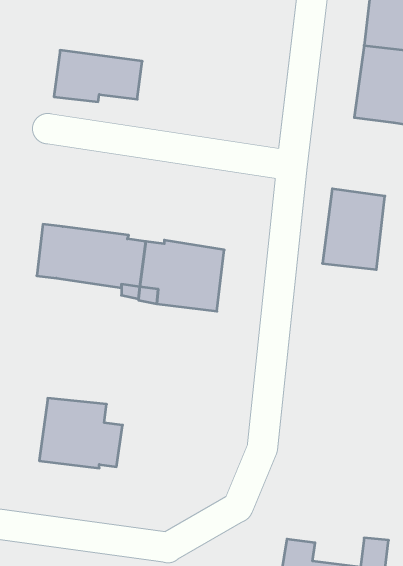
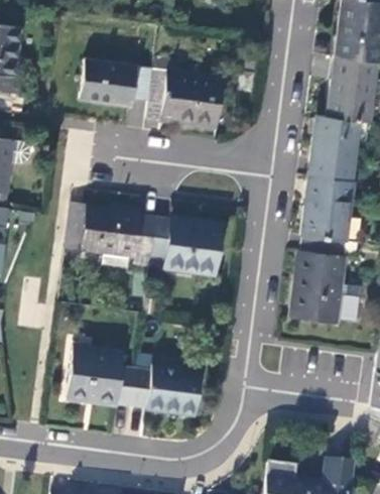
building: none -> [147,70,224,127]
building: none -> [309,115,360,180]
building: none -> [292,236,346,320]
building: none -> [132,365,202,414]

